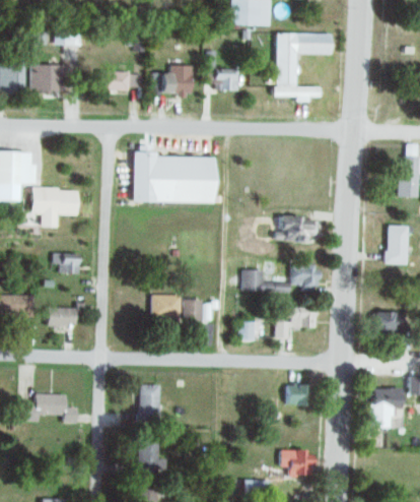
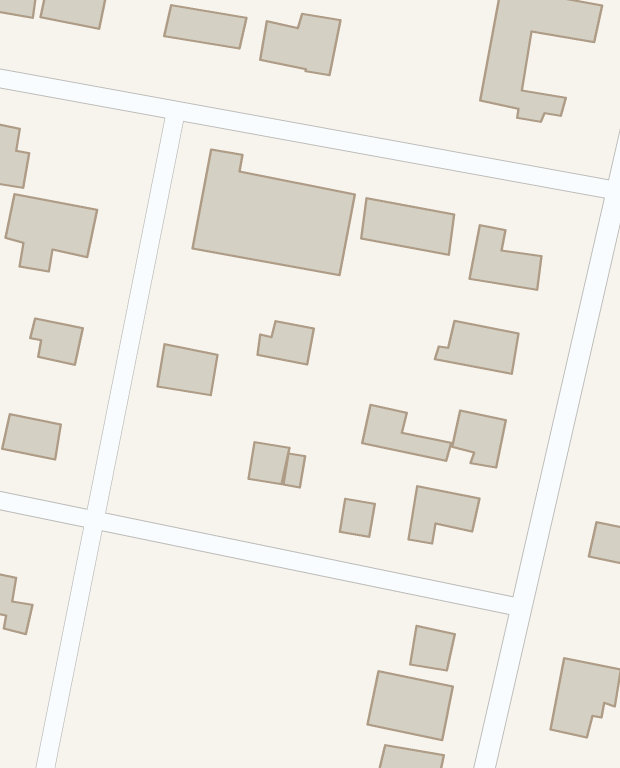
building: [215,69,239,90] -> none
building: none -> [361,198,454,255]
building: none -> [469,225,541,290]
building: none -> [257,321,314,365]
building: [153,295,183,318] -> [157,344,218,395]
building: [142,385,162,420] -> none
building: none -> [368,671,453,740]
building: [139,438,168,476] -> none

